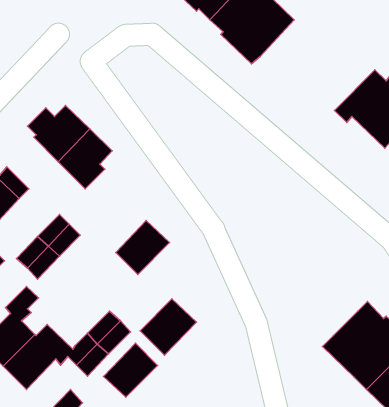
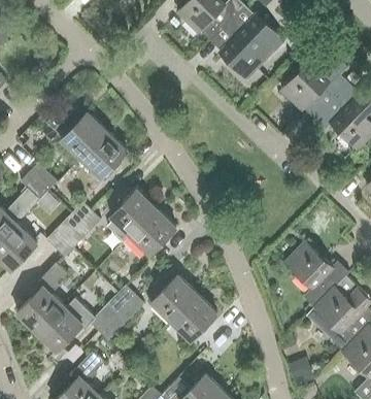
building: none -> [281,56,349,118]
building: none -> [111,191,157,237]
building: none -> [285,242,350,307]
building: [104,343,157,397] -> [172,296,217,341]

